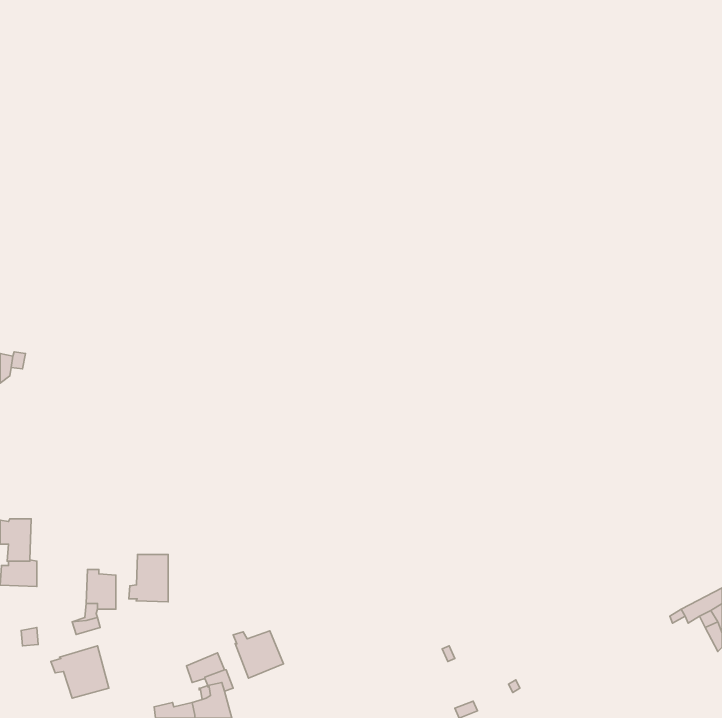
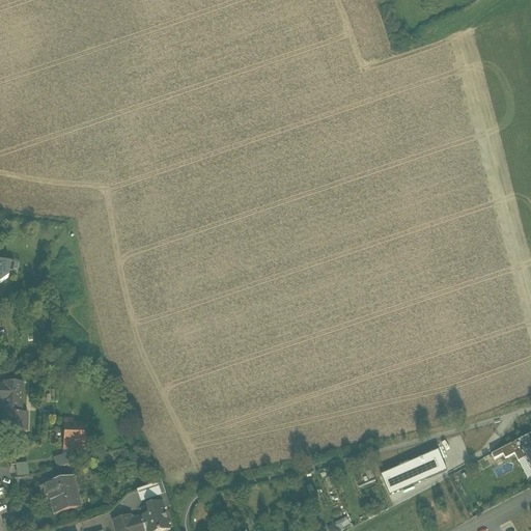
building: [129,554,168,602] -> none
building: none -> [381,448,447,493]
building: [233,631,283,678] -> none

